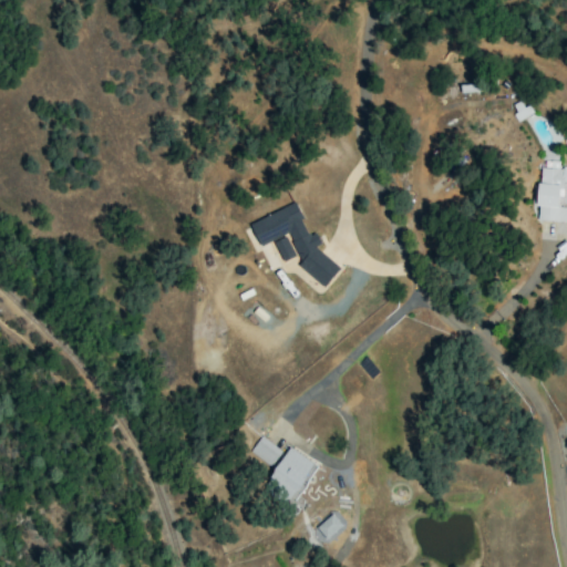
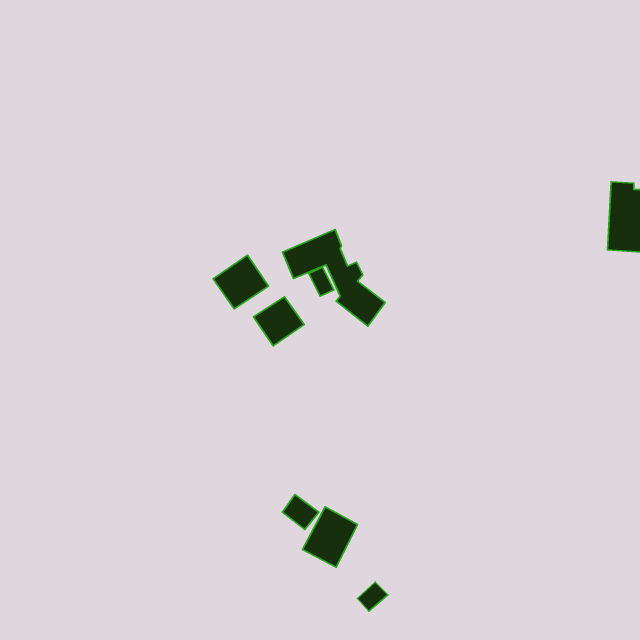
building: none -> [213,255,269,309]
building: none -> [254,297,304,346]

